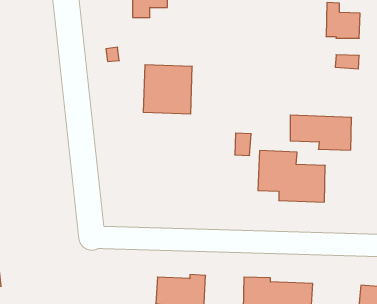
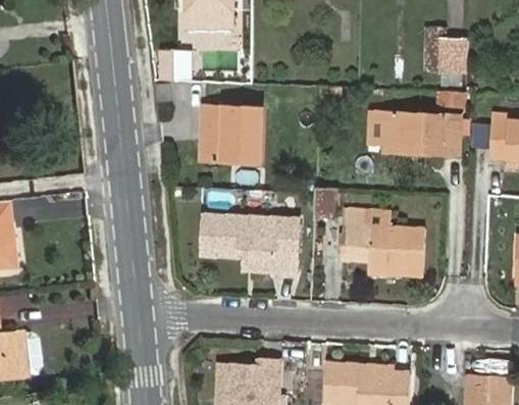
building: [290,115,352,150] -> [385,111,461,154]
building: none -> [202,213,299,273]

